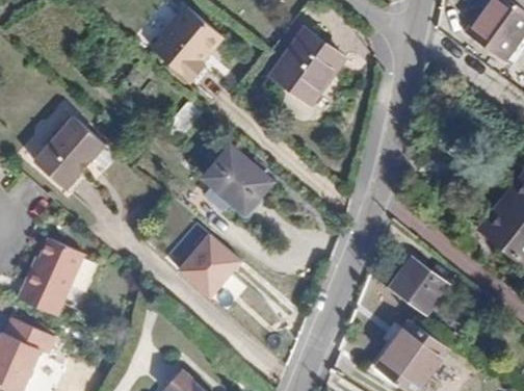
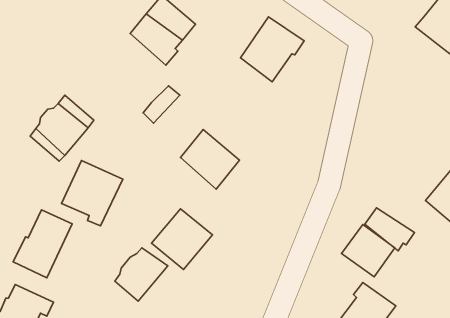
building: none -> [61,161,123,226]
building: none -> [365,208,414,251]
building: none -> [115,248,168,301]

